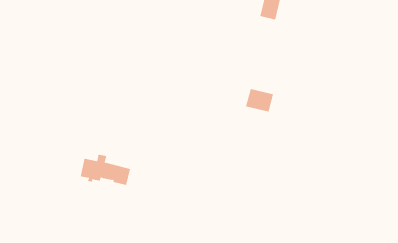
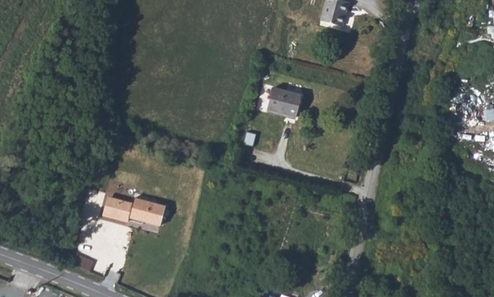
building: [245,88,274,112] -> [263,89,298,118]

